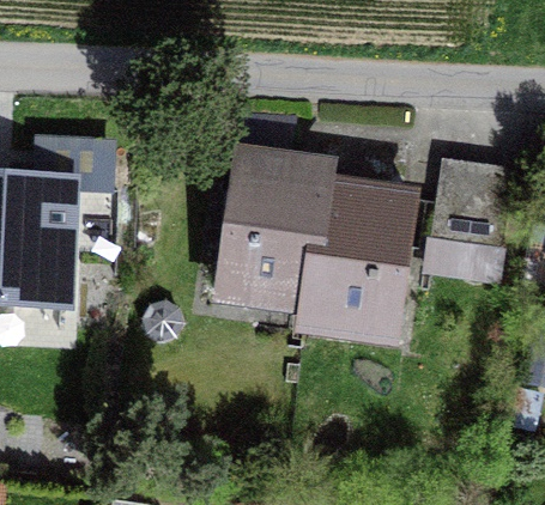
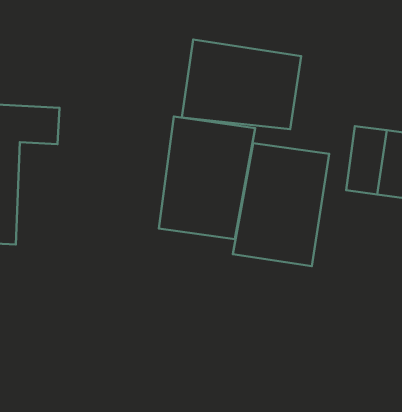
building: none -> [182,39,301,129]

